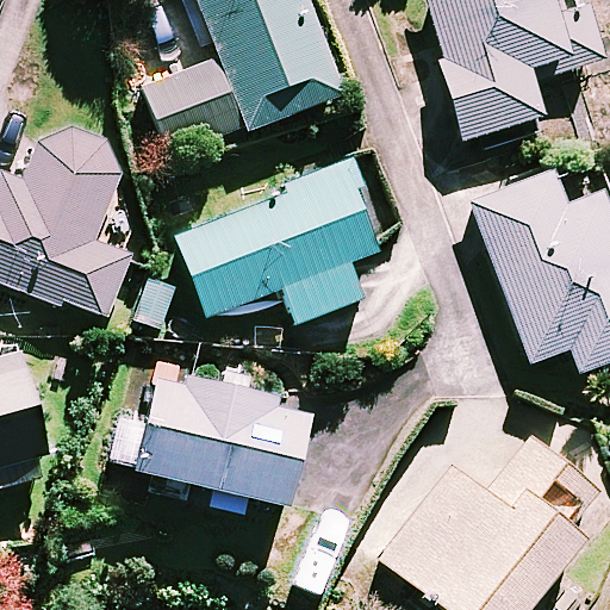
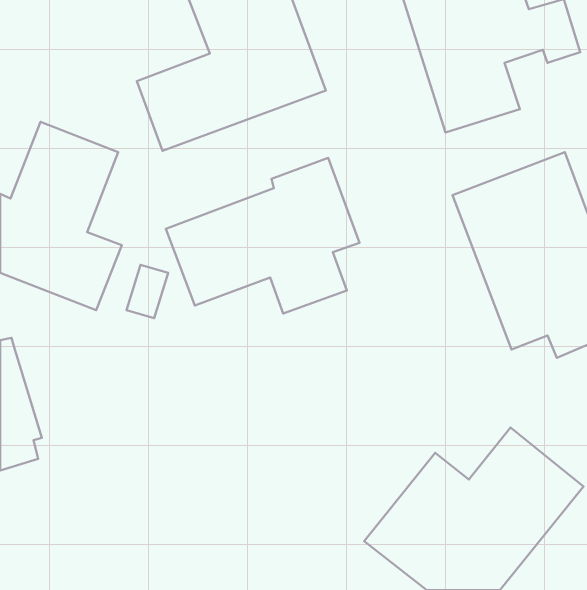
building: [111,373,309,502] -> none

